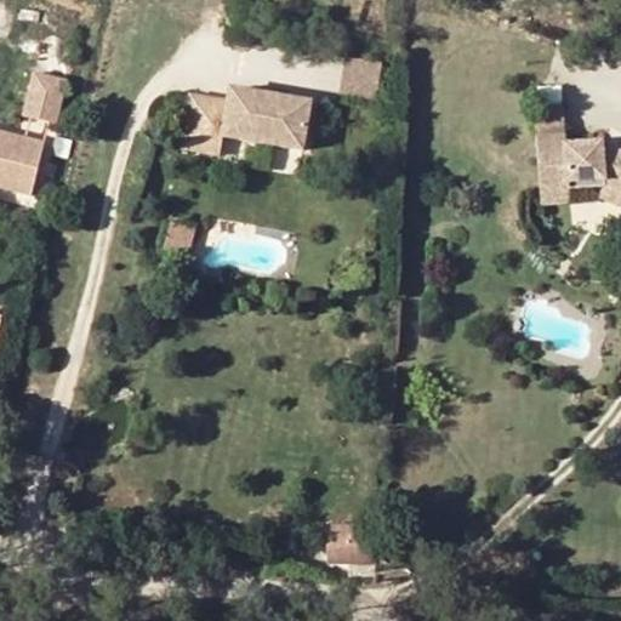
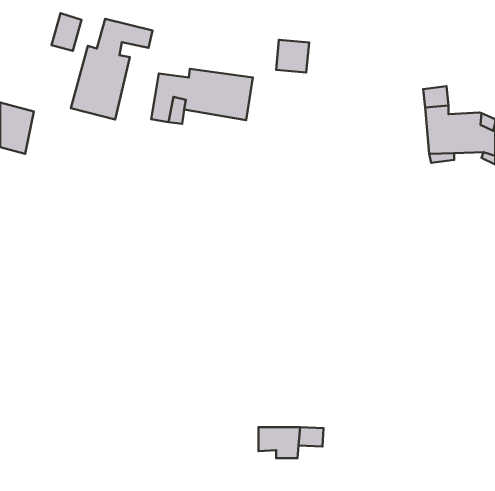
building: none -> [71,19,153,119]
building: [25,68,63,115] -> [52,13,82,51]

